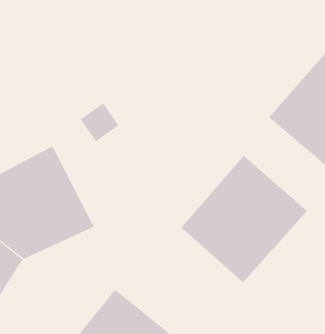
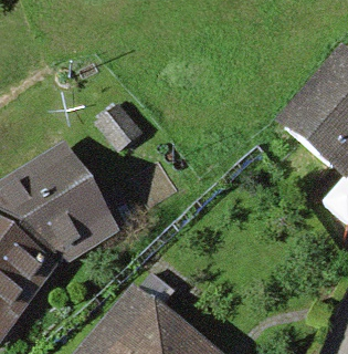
building: [180,155,308,283] -> none

